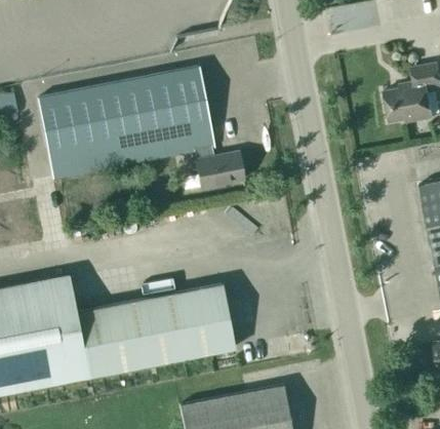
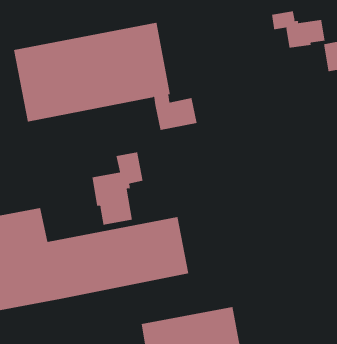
building: none -> [271,10,325,49]
building: none -> [92,152,143,226]

